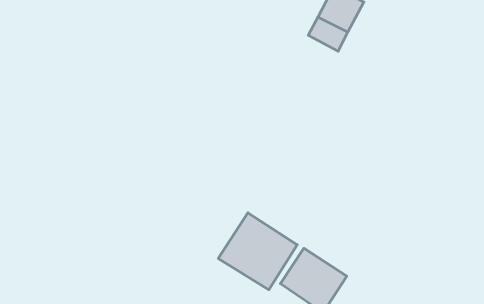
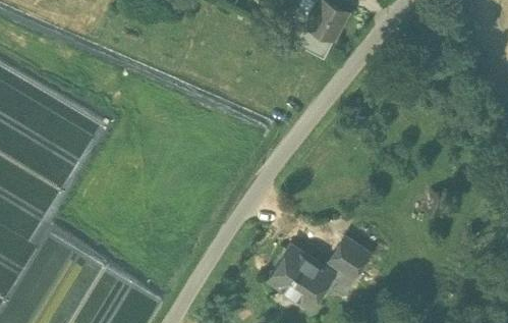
building: [218,213,297,290] -> none
building: none -> [329,237,370,279]

